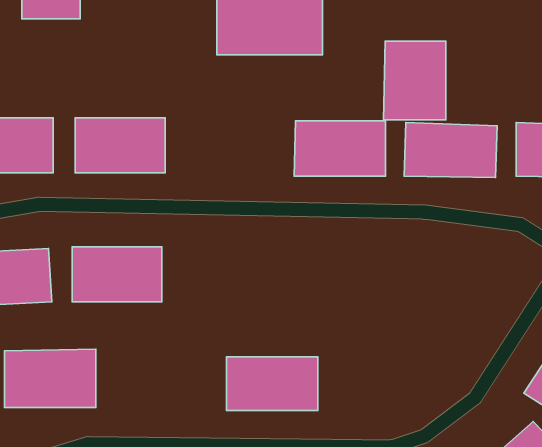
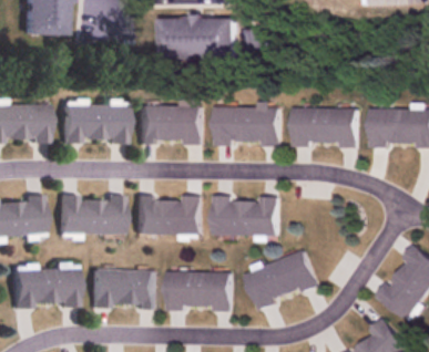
building: [384,41,446,120] -> none
building: none -> [137,105,203,145]
building: none -> [136,196,201,234]
building: none -> [213,196,278,235]
building: none -> [245,250,318,309]
building: none -> [90,270,154,310]

